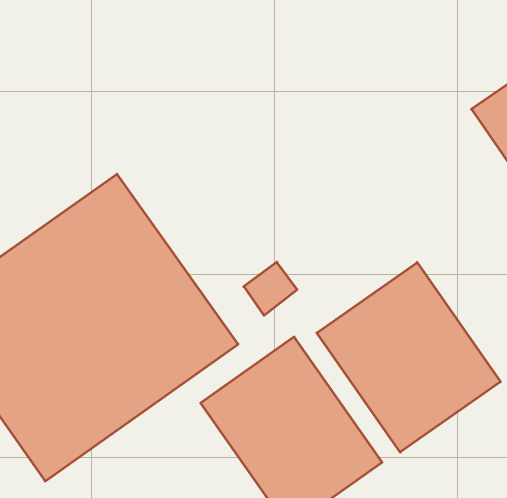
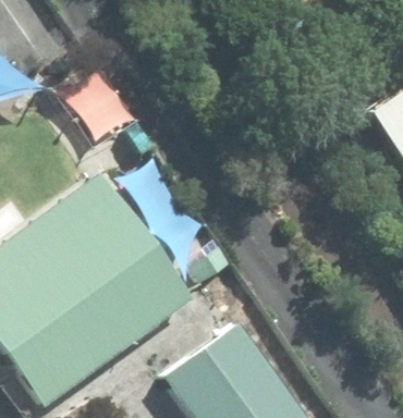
building: [317,262,500,452] -> none

